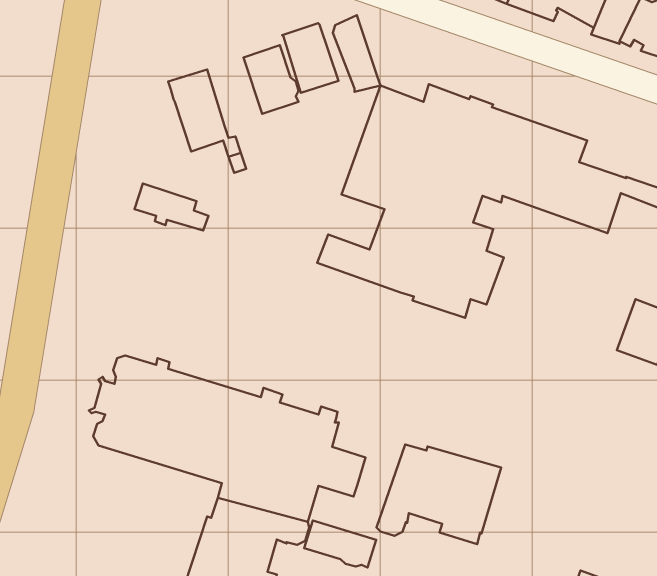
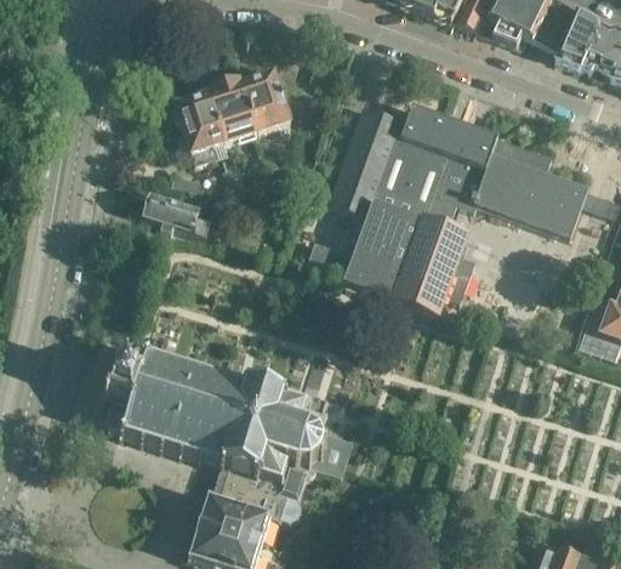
building: [333,15,380,92] -> none
building: [282,23,338,93] -> [209,78,260,141]
building: [376,445,501,544] -> none
building: [304,520,376,568] -> none

